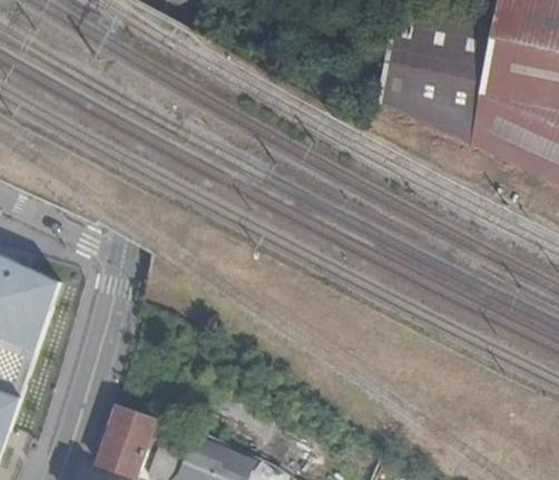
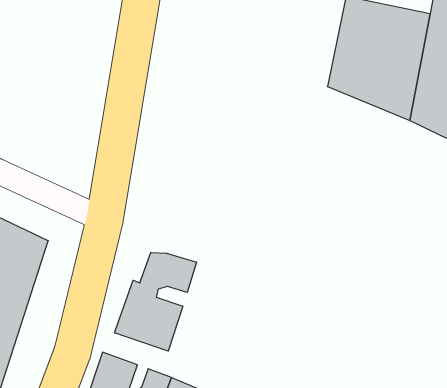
building: none -> [115,252,197,351]

